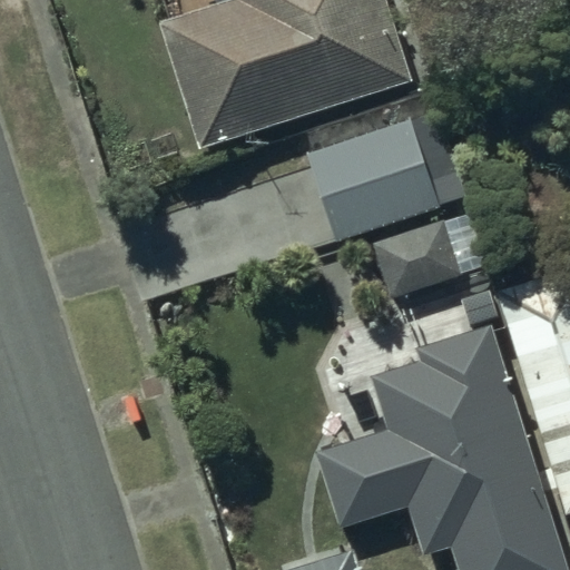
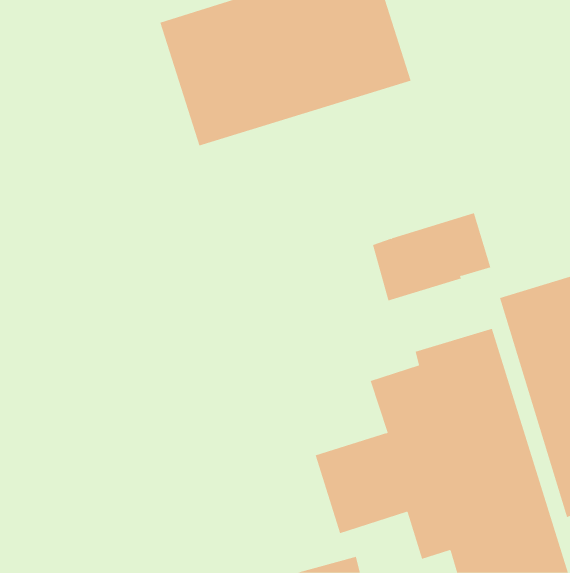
building: [306,112,464,243] -> none

